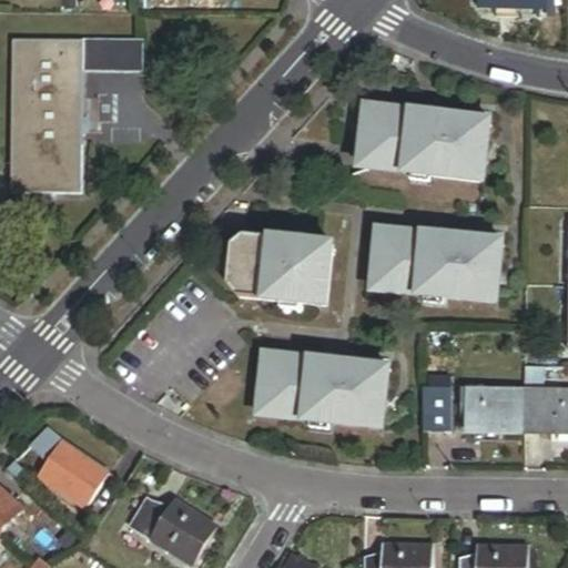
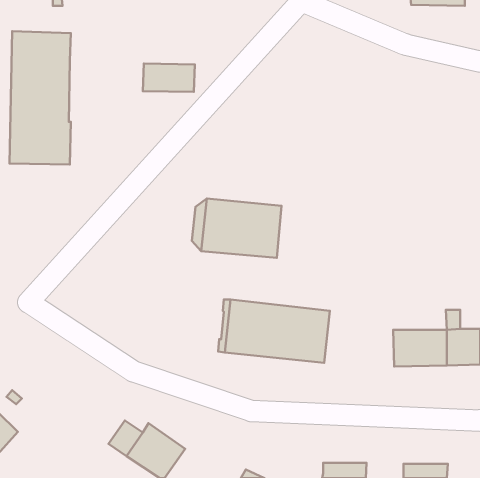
building: [82,39,143,72] -> [143,64,195,92]
building: [356,103,488,179] -> none
building: [371,227,500,300] -> none
building: [423,385,452,429] -> none
building: [32,423,109,501] -> none

